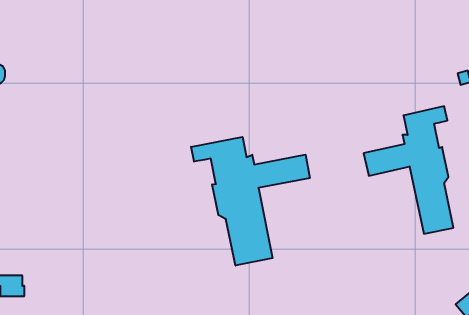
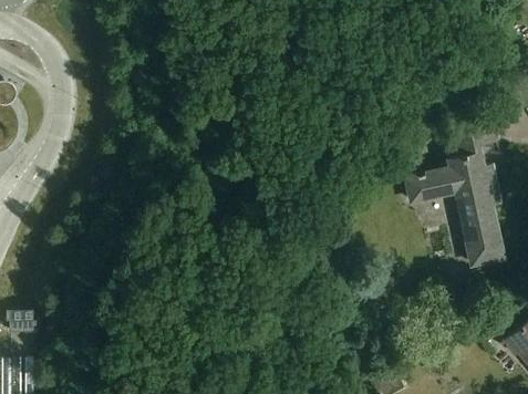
building: [191,137,310,266] -> none

